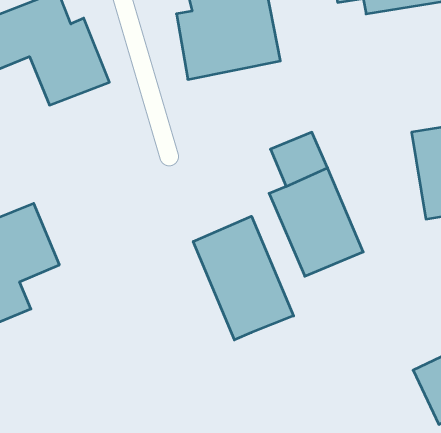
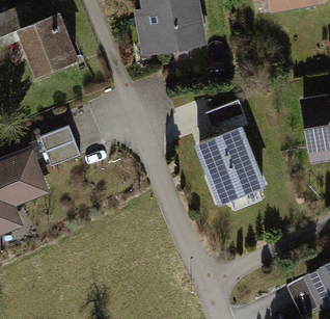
building: none -> [36,127,76,167]
building: [193,216,294,340] -> none

